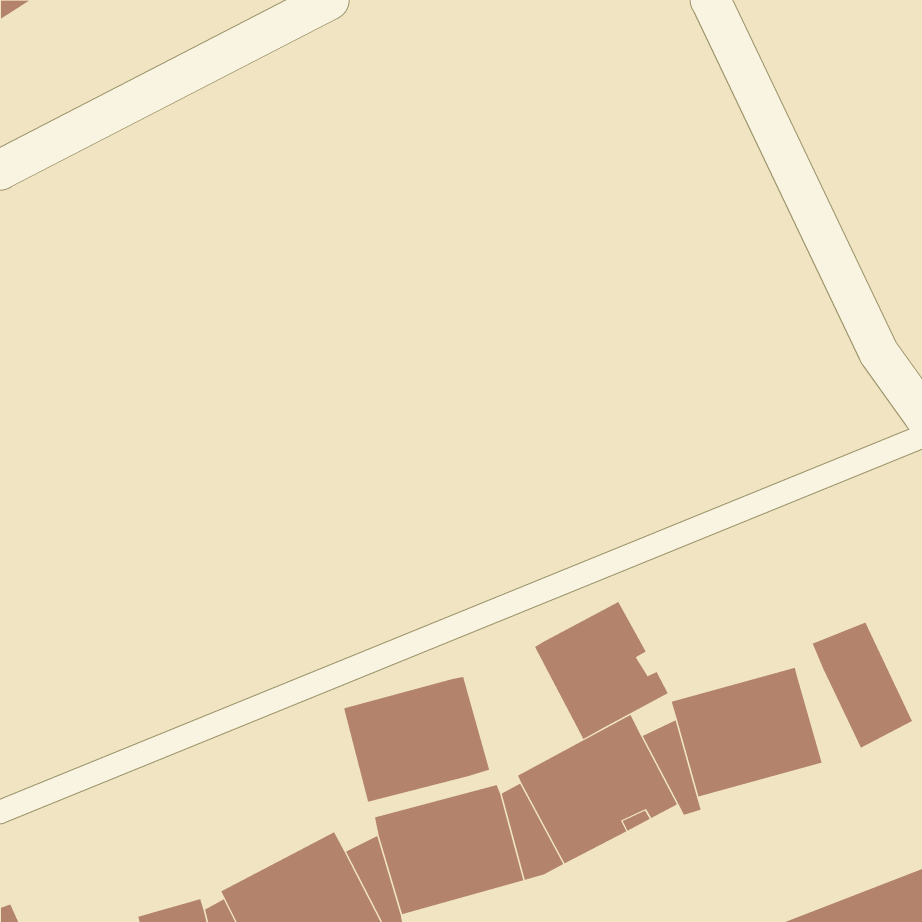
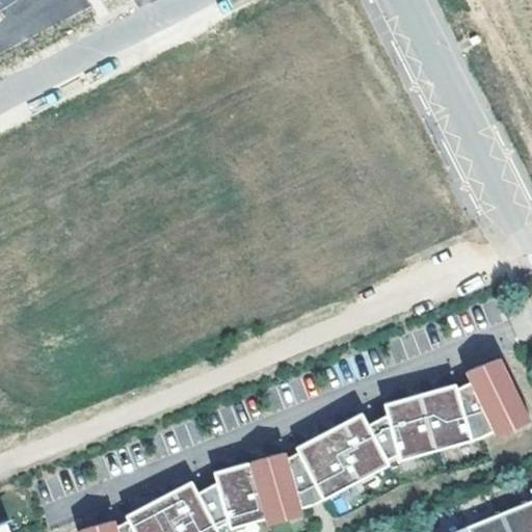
building: [534,601,669,740] -> none
building: none -> [459,385,496,440]
building: [344,676,490,803] -> none

